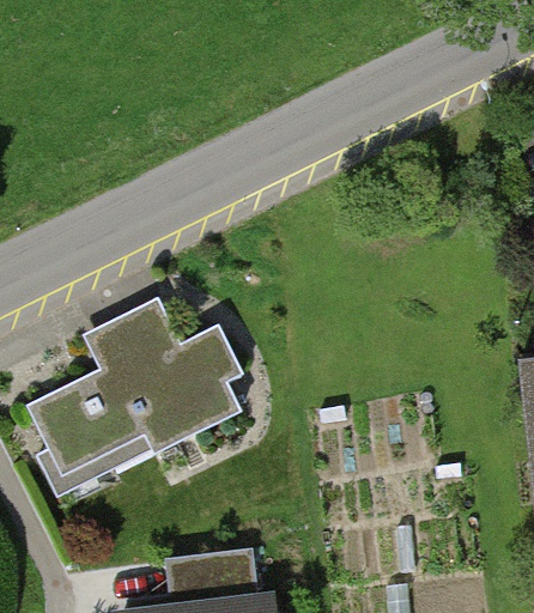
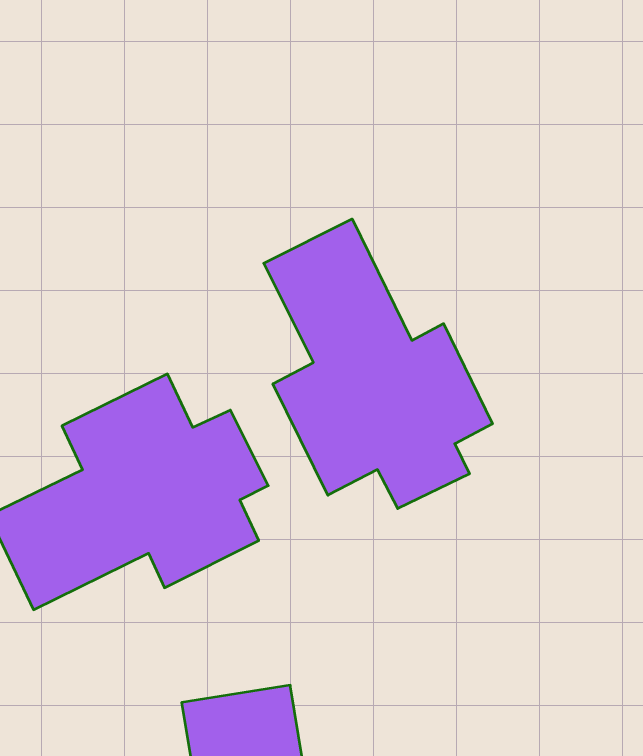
building: none -> [264,219,492,509]

